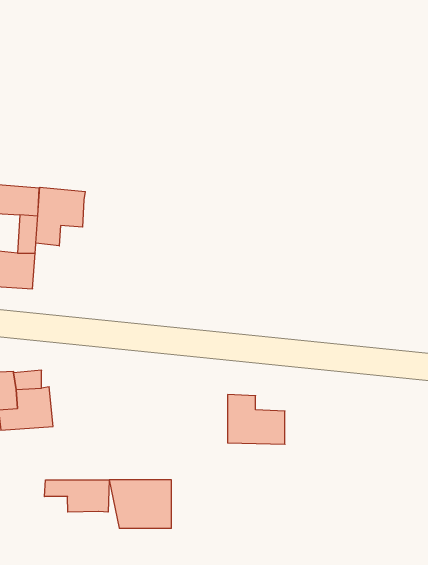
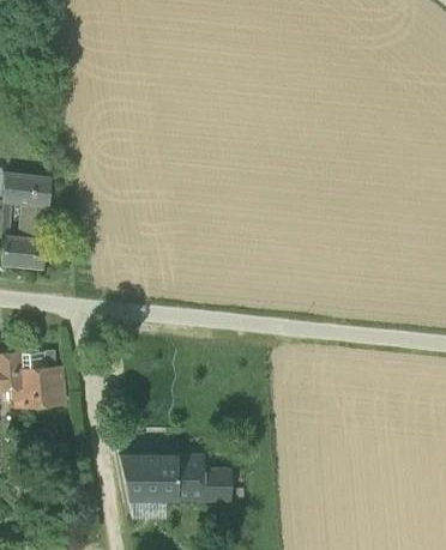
building: [36,187,85,246] -> none
building: [228,395,285,444] -> [175,454,229,501]
building: [44,480,109,512] -> none

